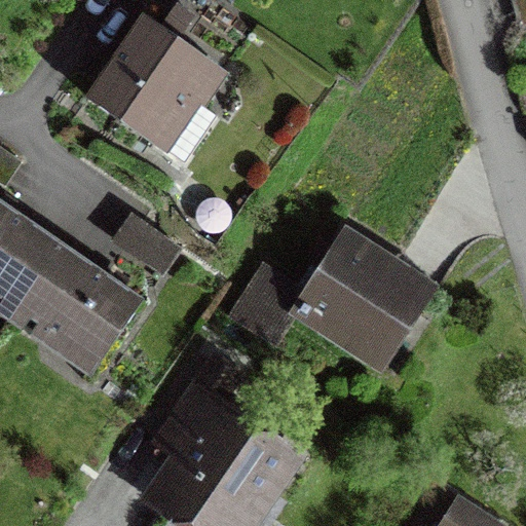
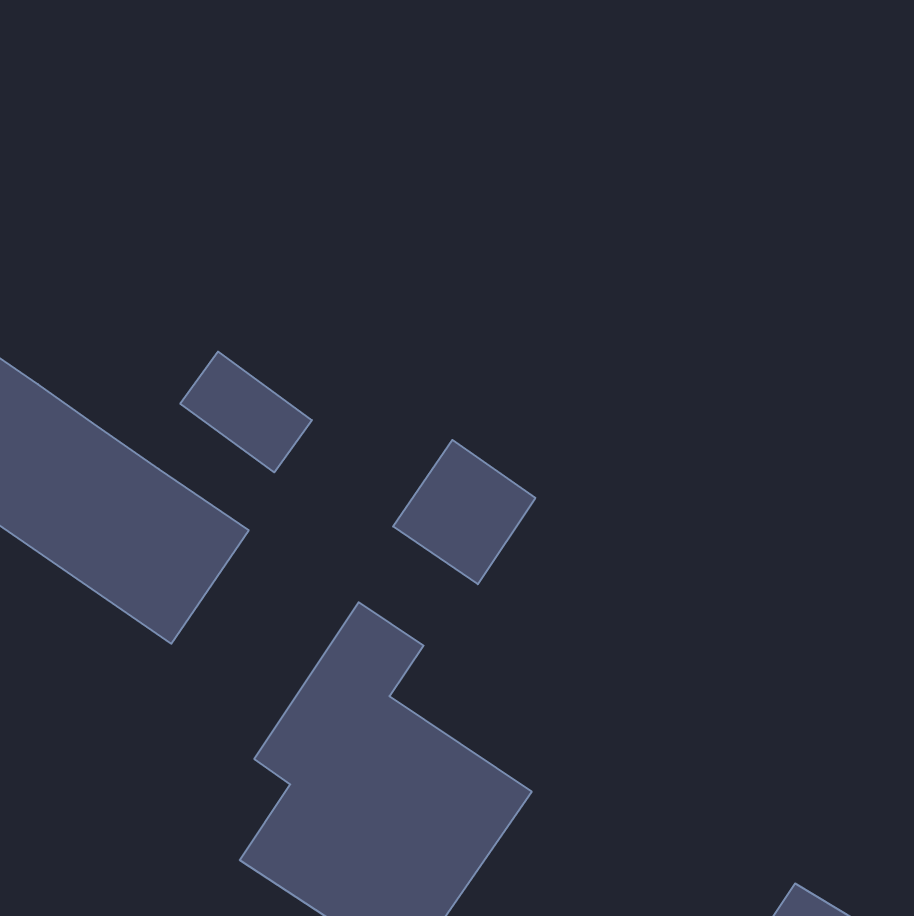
building: [86,14,225,153] -> none
building: [291,227,444,376] -> none

